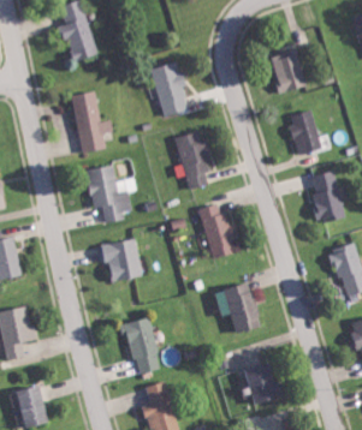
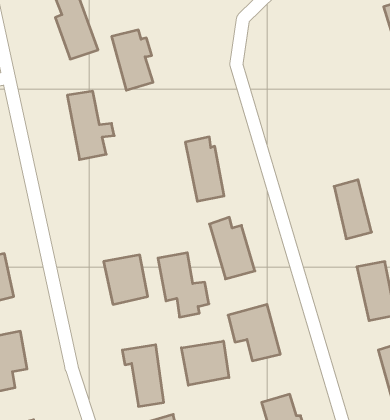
building: [267,48,305,92] -> none
building: [150,62,188,117] -> [112,30,153,90]
building: [286,111,320,155] -> none
building: [84,165,130,222] -> [158,253,209,317]
building: none -> [181,341,229,385]

